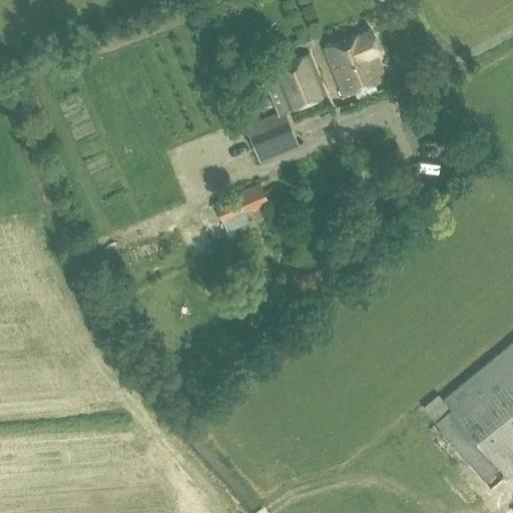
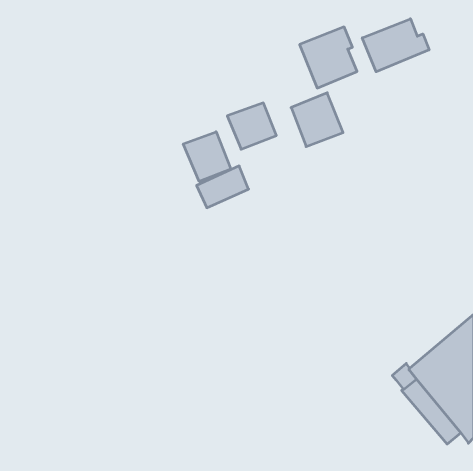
building: none -> [362,19,429,72]
building: [273,55,329,113] -> [291,93,343,147]
building: none -> [183,132,231,181]

